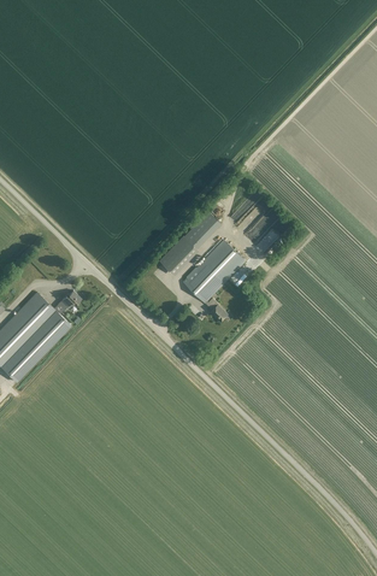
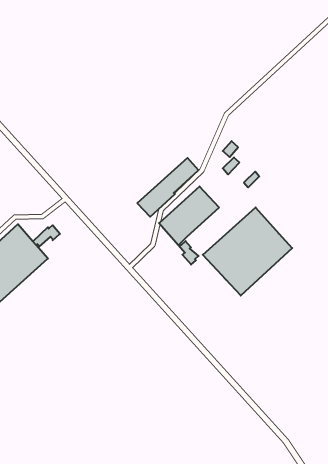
building: none -> [203,207,292,296]

